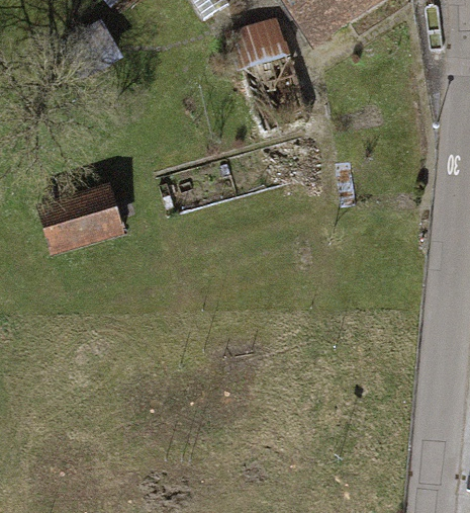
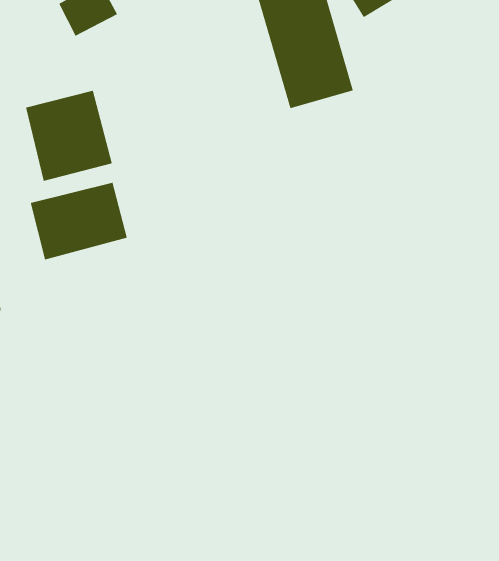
building: none -> [25,90,113,182]

